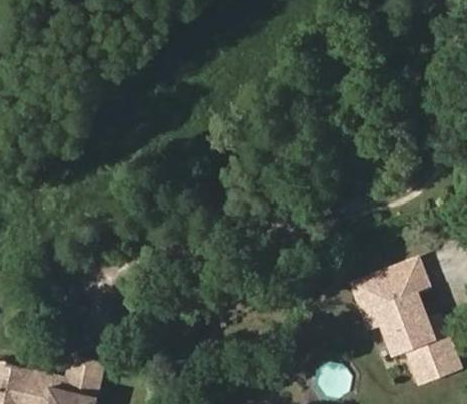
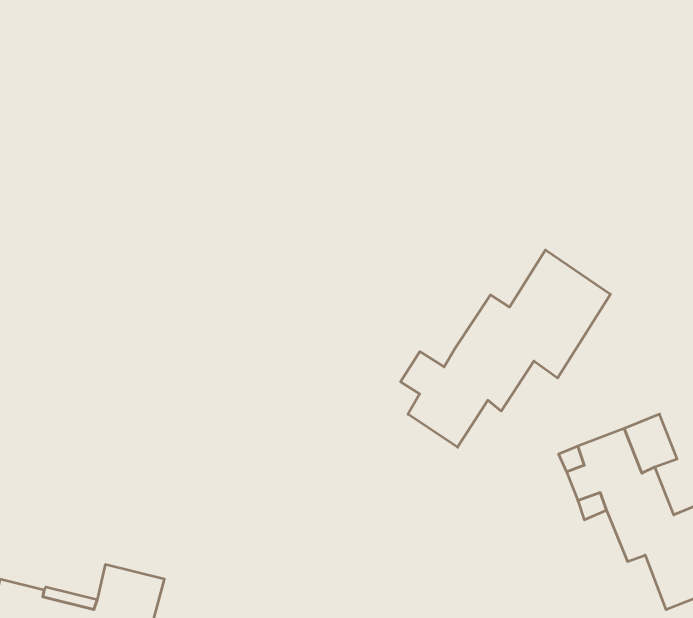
building: none -> [401,250,610,447]

